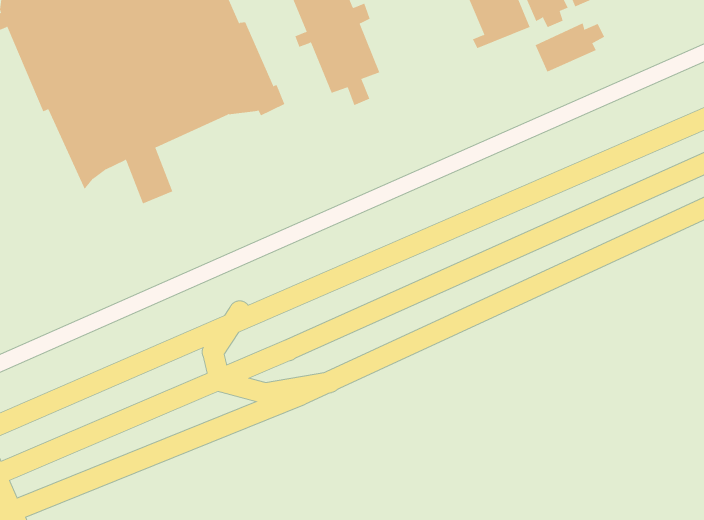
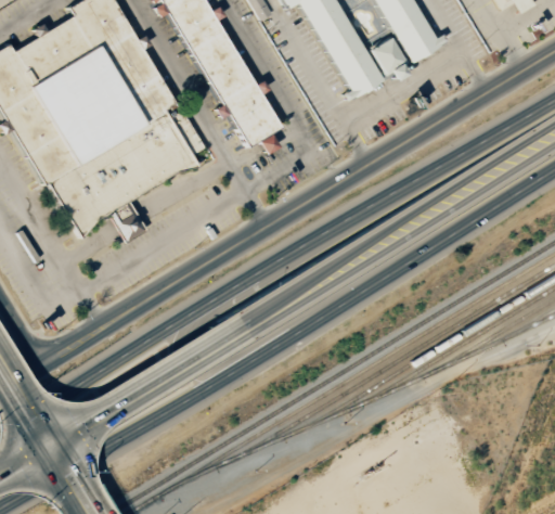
building: [535,22,605,72] -> none

